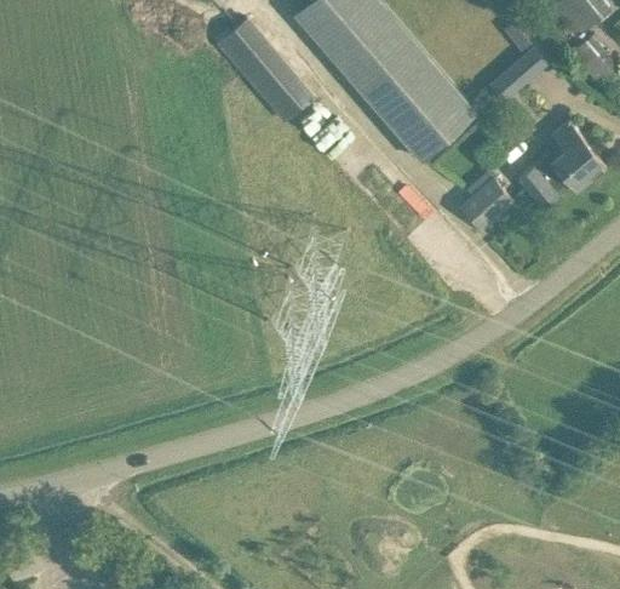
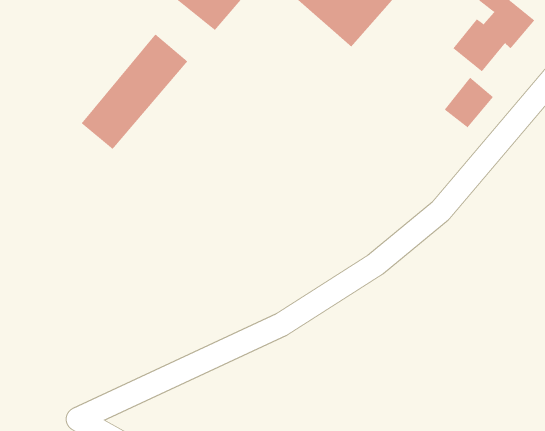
building: none -> [81,34,188,150]
building: [460,178,512,229] -> [444,77,494,128]

